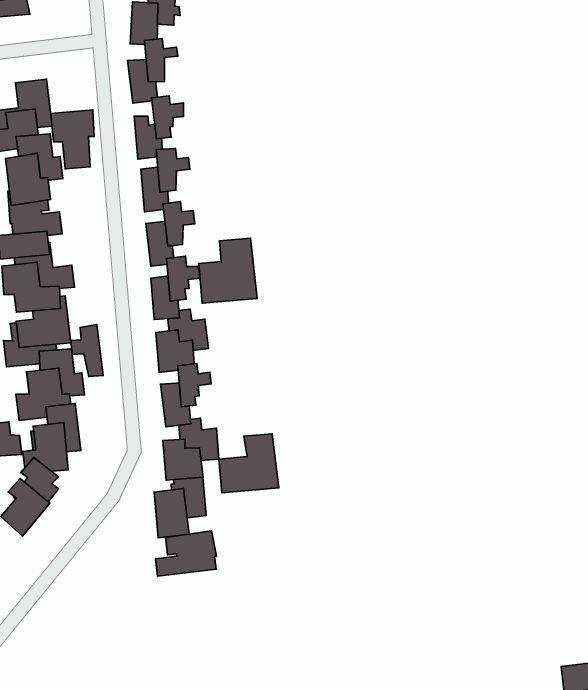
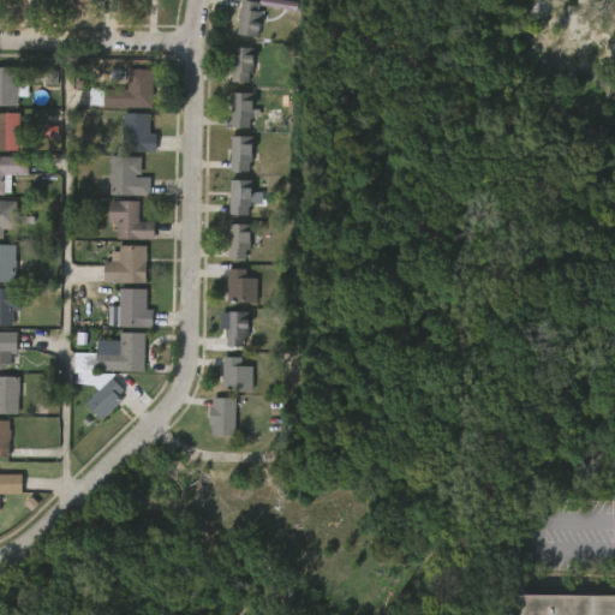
building: [51,110,94,169] -> none
building: [199,238,257,303] -> none
building: [71,324,103,377] -> none
building: [219,434,279,493] -> none
building: [155,531,216,576] -> none

